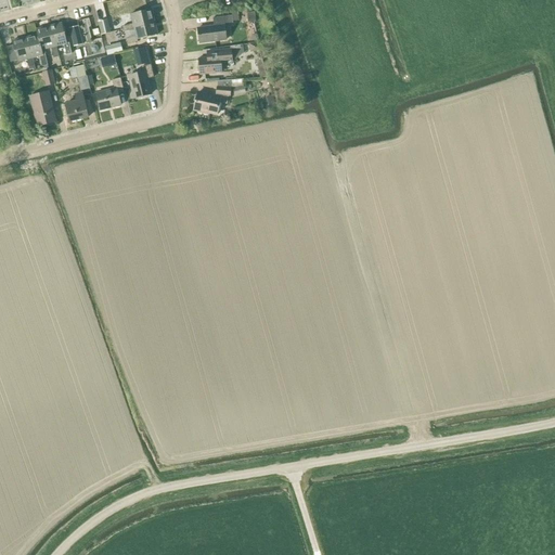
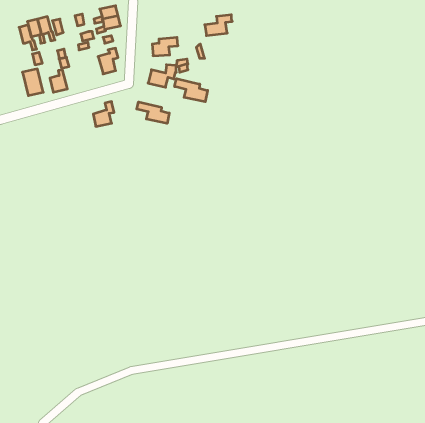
building: [197,14,233,41] -> [205,15,232,36]
building: [7,36,35,68] -> none
building: [96,76,124,108] -> [93,102,114,126]
building: none -> [175,79,208,102]
building: none -> [137,102,169,123]

